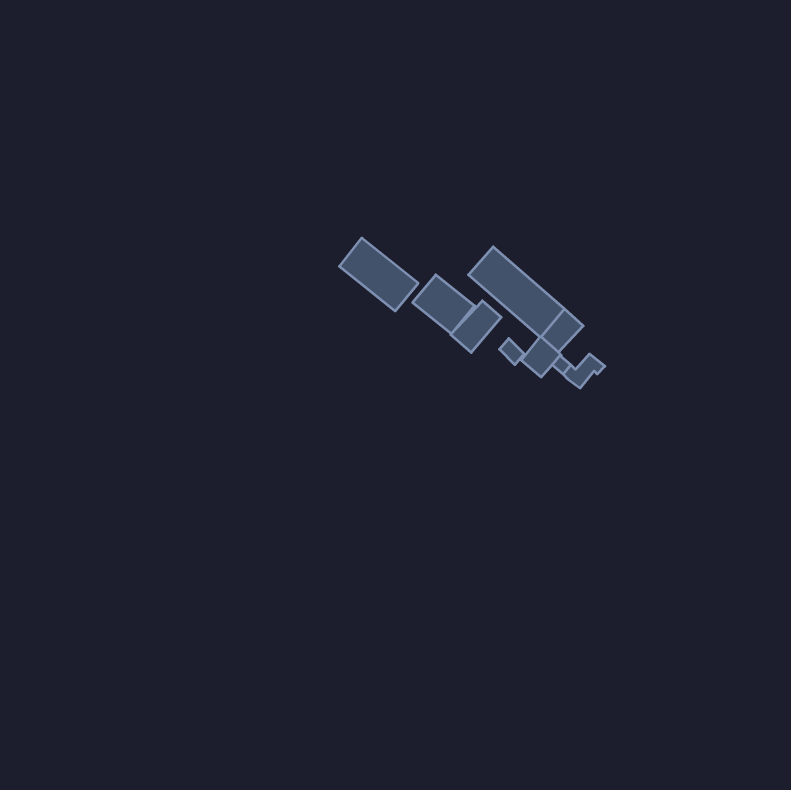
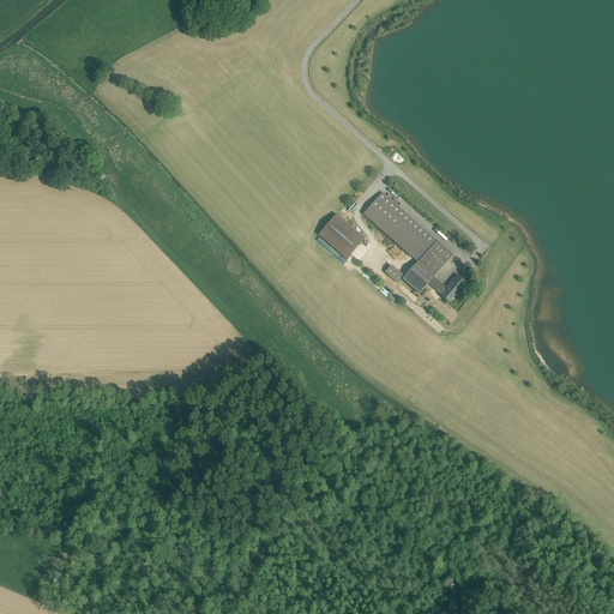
building: [339,238,418,311] -> none
building: [451,301,501,353] -> none

